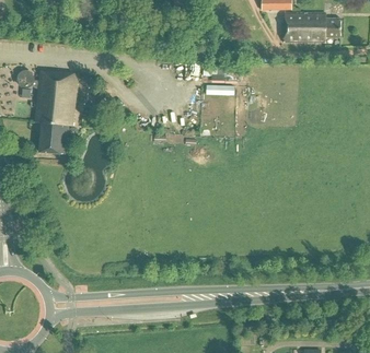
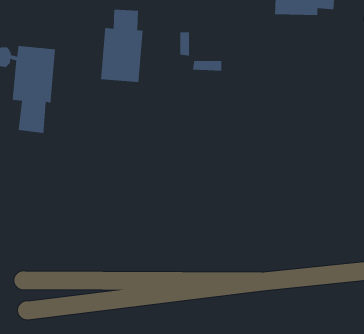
building: none -> [100,9,143,83]

